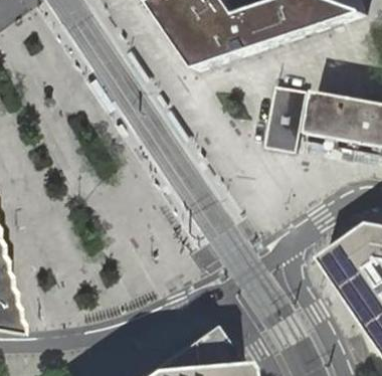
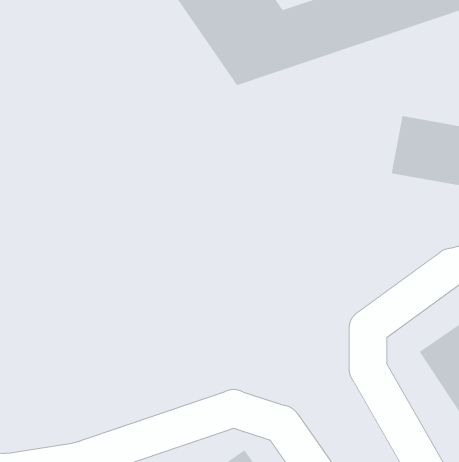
building: [266,86,309,154] -> none

